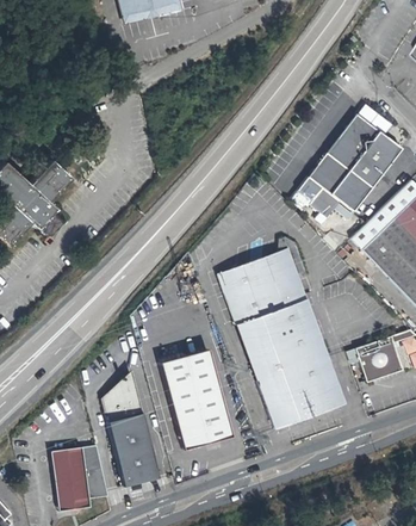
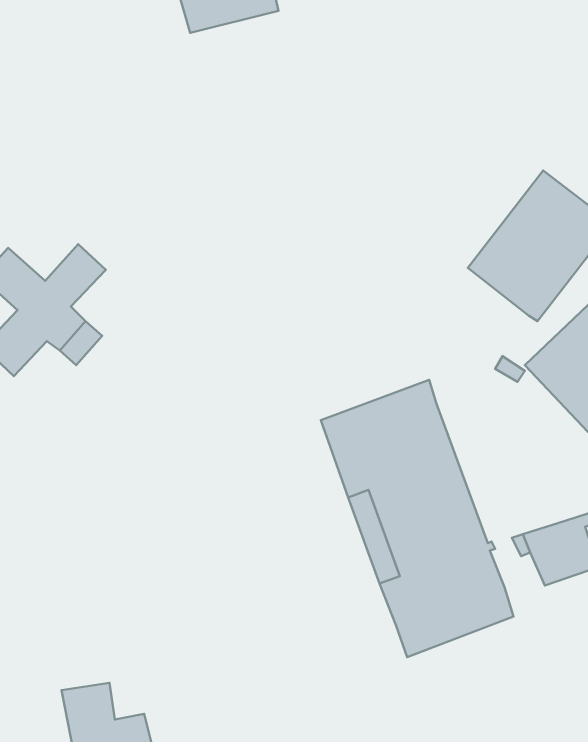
building: [298,175,348,212] -> none
building: [166,346,237,446] -> none
building: [105,375,164,478] -> none

